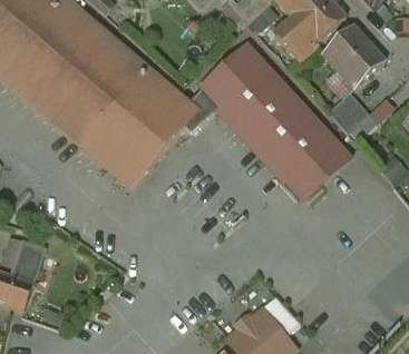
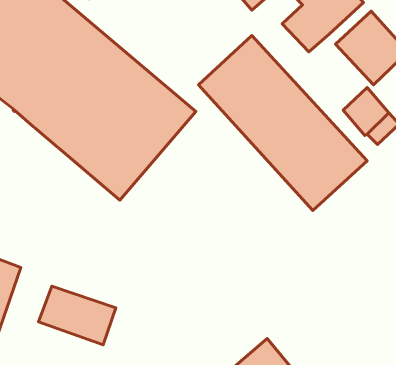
building: none -> [38,286,116,345]

